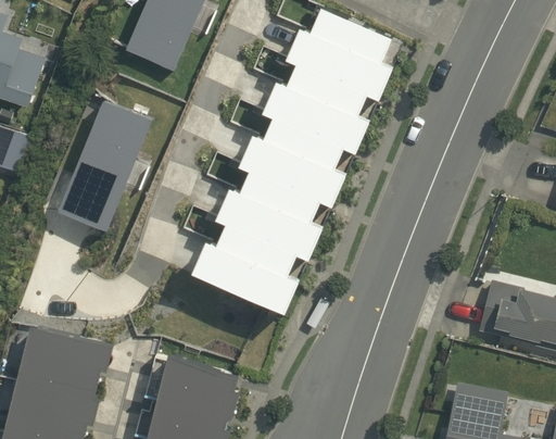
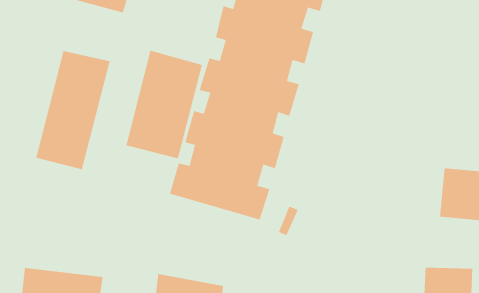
building: none -> [126,50,203,159]

